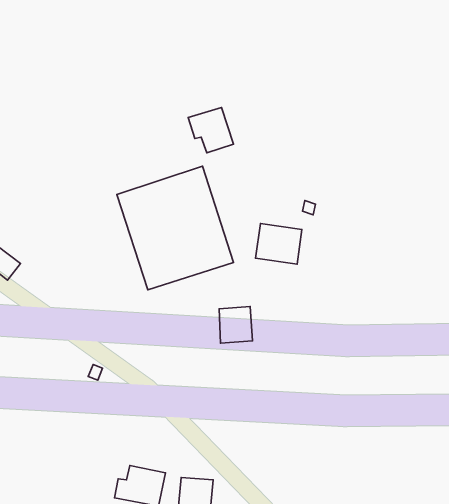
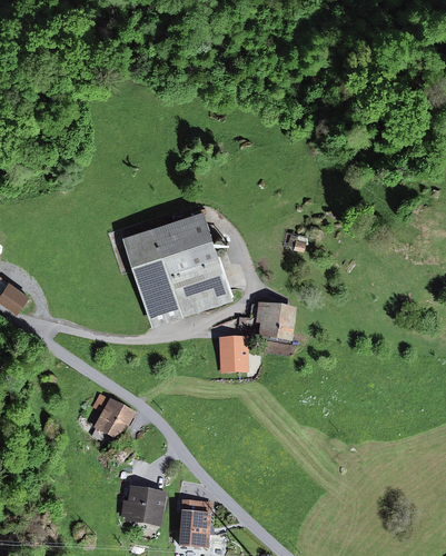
building: [188,107,234,153] -> none
building: [256,224,302,264] -> [254,305,297,342]
building: none -> [96,401,136,444]

